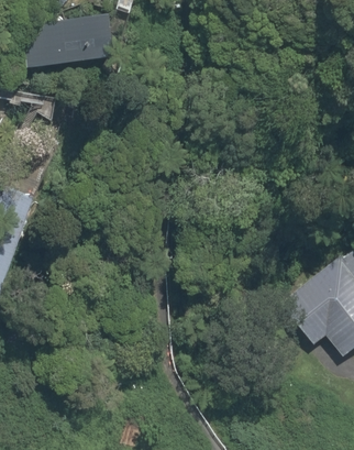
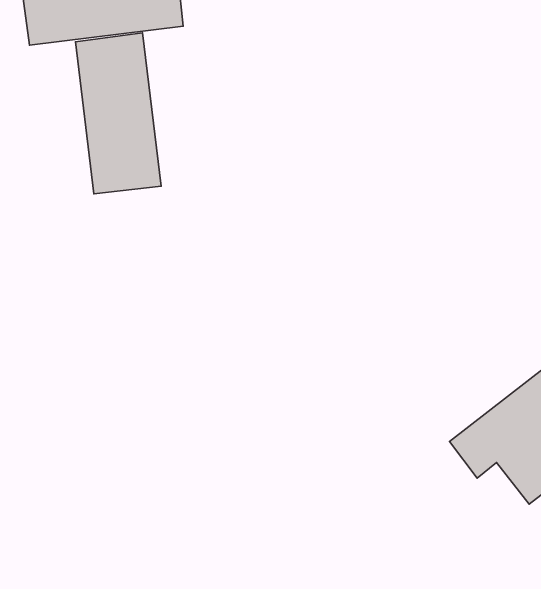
building: none -> [76,33,161,194]

